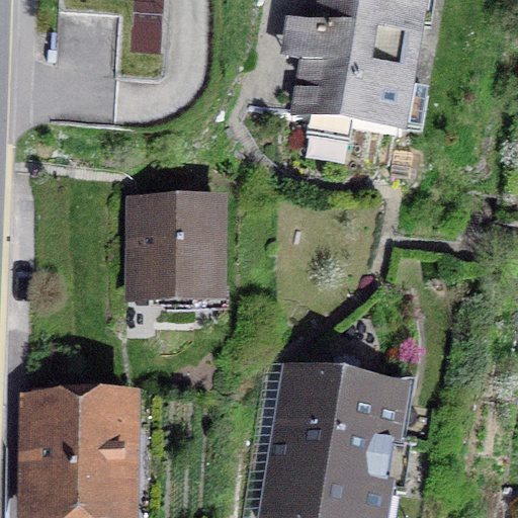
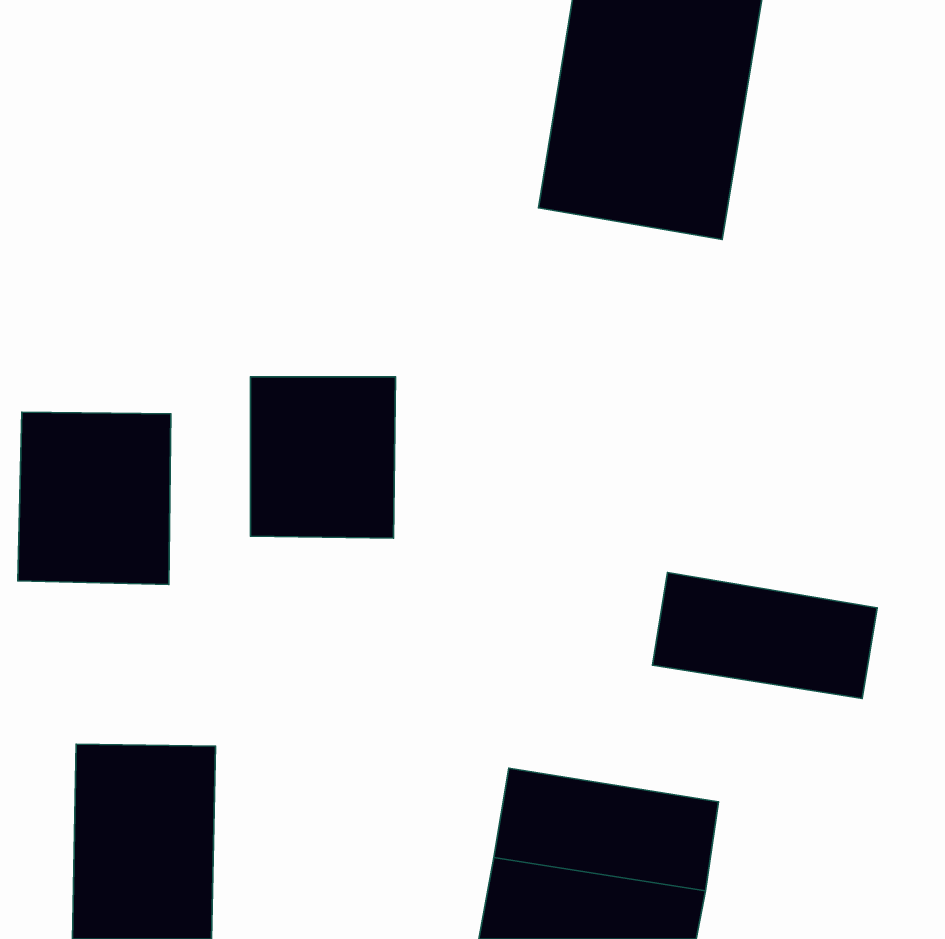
building: none -> [18,412,171,584]
building: [279,368,402,437] -> [652,572,877,699]

